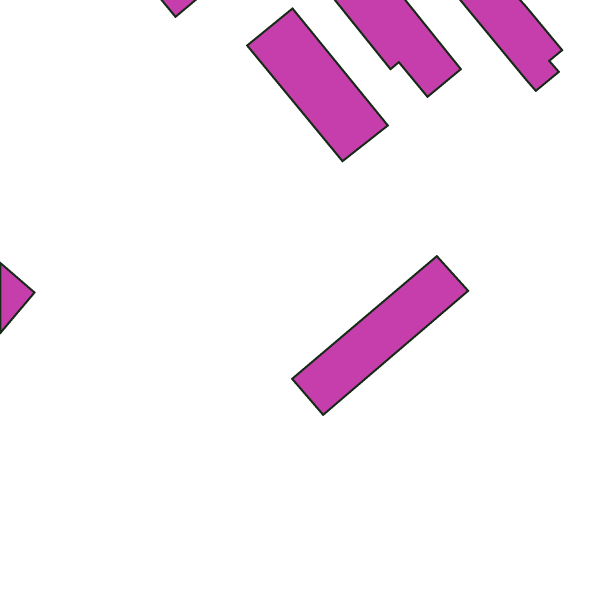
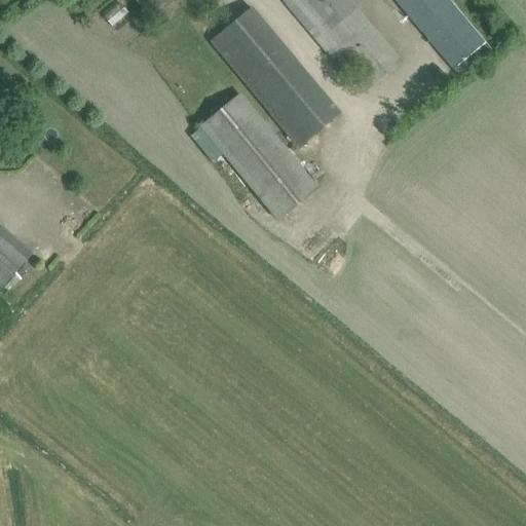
building: none -> [192,92,317,216]
building: [292,256,468,415] -> none

